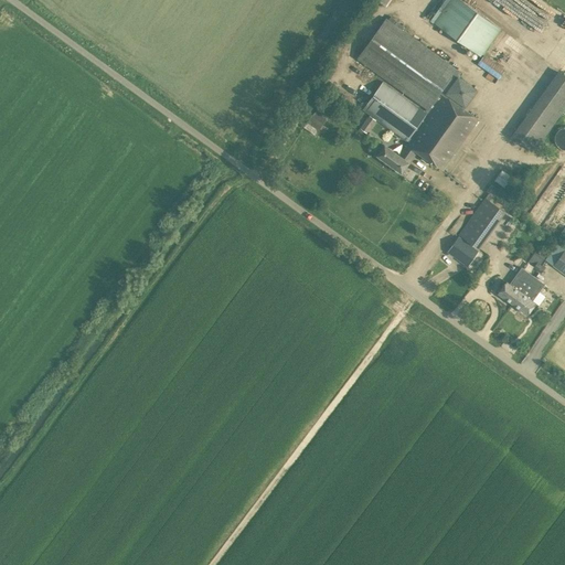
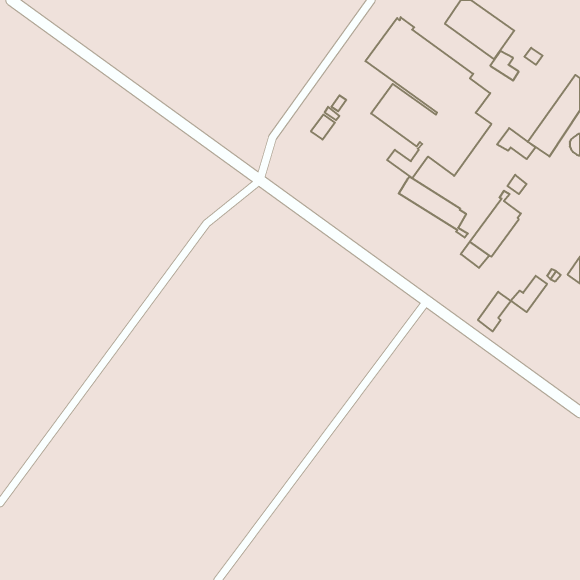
building: none -> [497,128,536,159]
building: none -> [399,177,468,238]
building: [512,276,544,315] -> [478,292,511,331]

